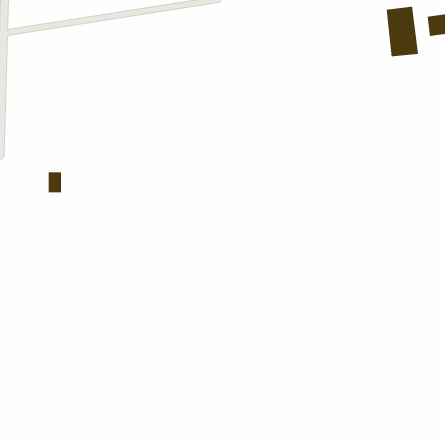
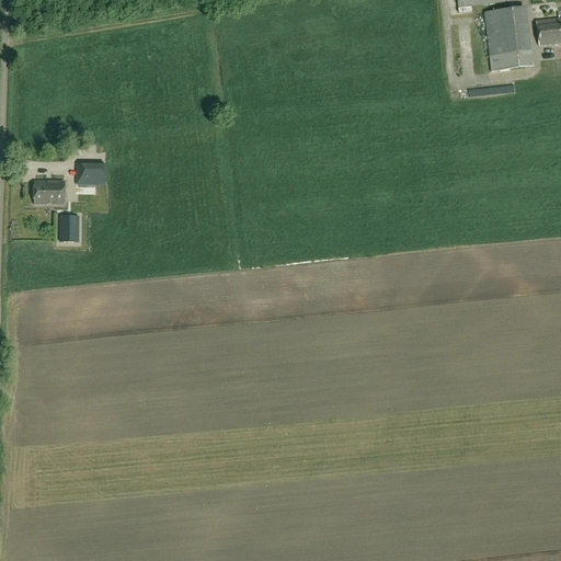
building: none -> [76,163,106,184]
building: none -> [35,181,66,204]

